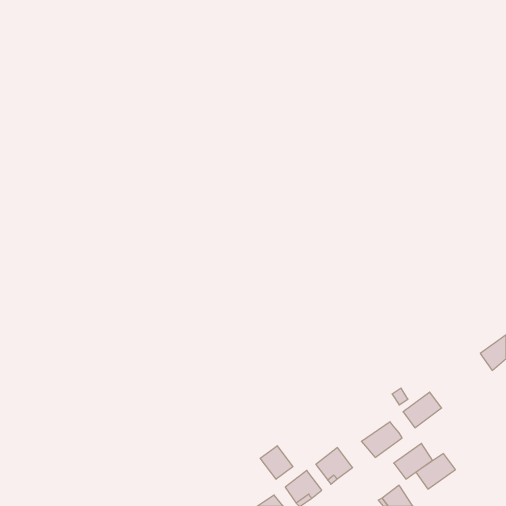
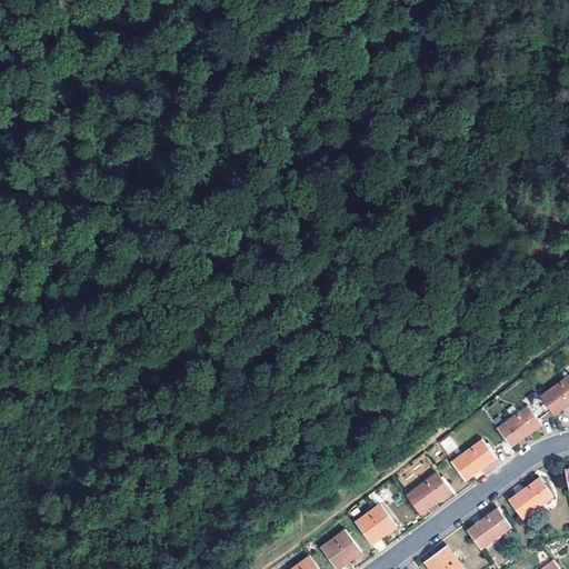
building: none -> [497,407,541,448]
building: [394,443,432,479] -> [509,478,552,518]
building: [260,446,293,479] -> none

